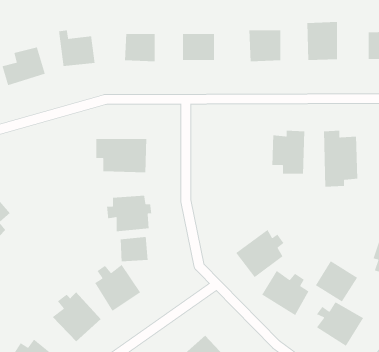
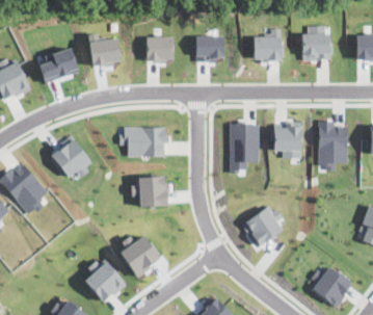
building: none -> [230,123,259,172]
building: none -> [50,136,92,178]
building: [120,236,149,262] -> none
building: [315,260,358,303] -> none
building: [261,270,310,316] -> none

